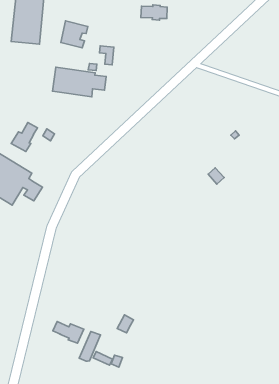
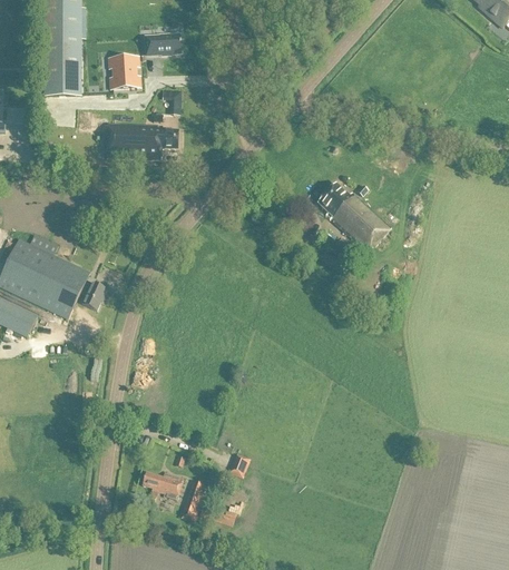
building: [141,5,167,20] -> [144,35,180,55]
building: [11,122,37,152] -> none
building: none -> [316,183,390,253]

